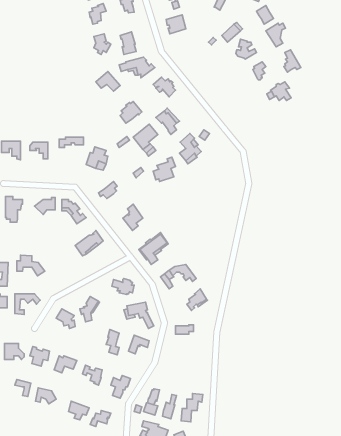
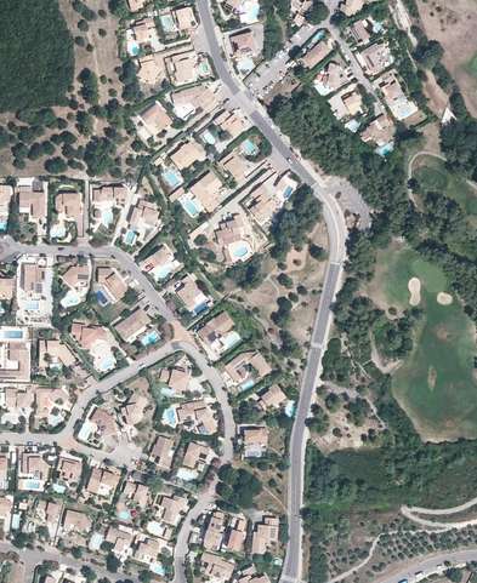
building: none -> [70,324,107,350]

